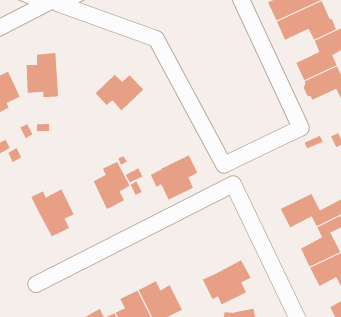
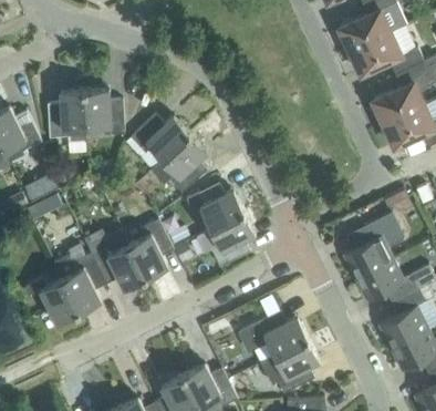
building: none -> [84,88,124,135]
building: none -> [152,133,207,193]
building: none -> [186,183,245,228]
building: none -> [343,214,403,277]
building: none -> [85,236,145,289]
building: none -> [23,278,79,323]
building: none -> [239,310,308,356]

